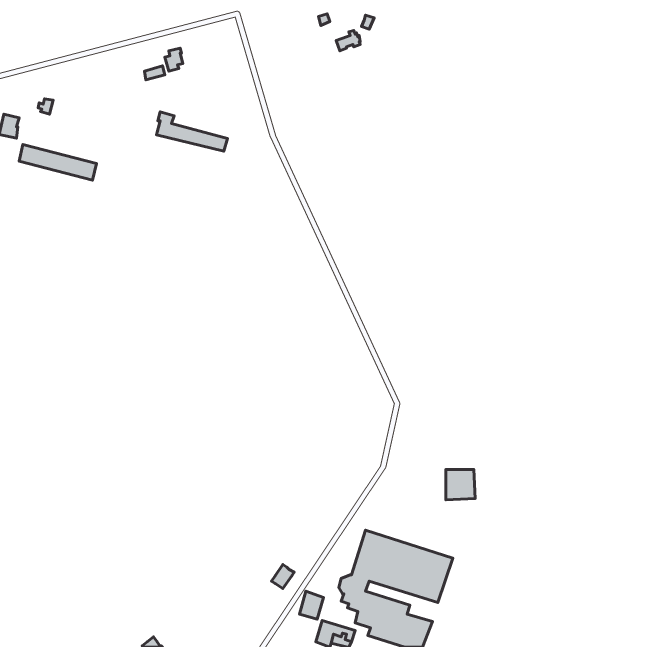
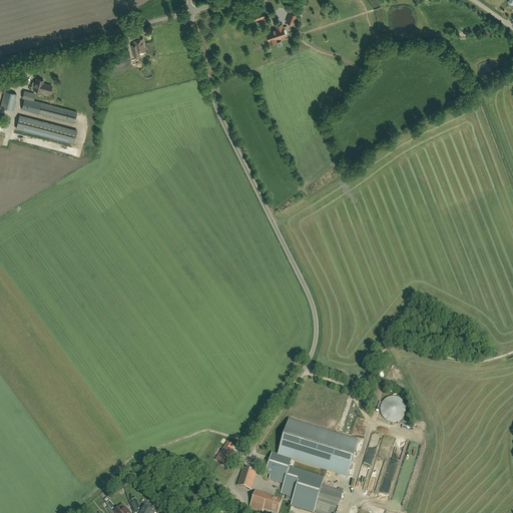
building: [156,112,227,151] -> [20,90,76,121]
building: [446,469,475,500] -> [382,397,405,421]

